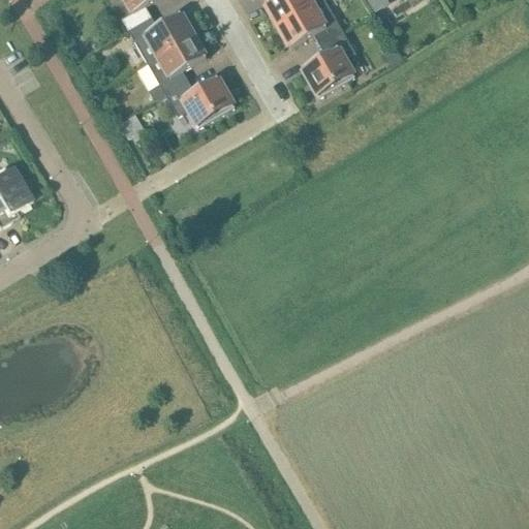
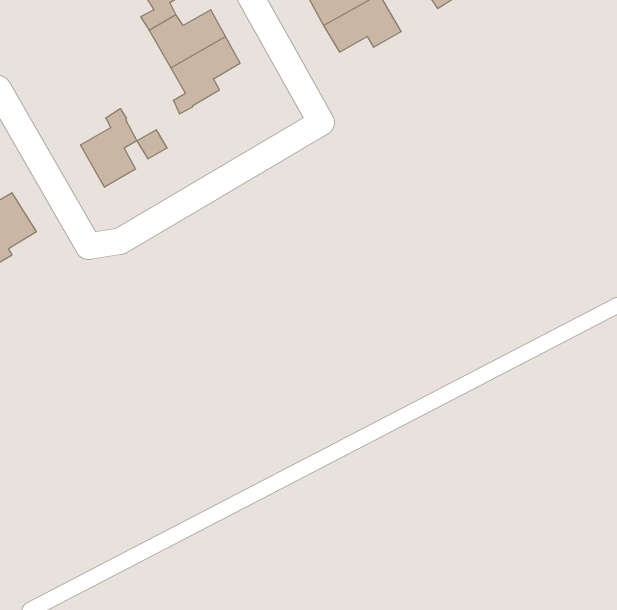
building: [301,27,354,93] -> none
building: [164,73,234,123] -> none
building: none -> [81,109,137,187]

